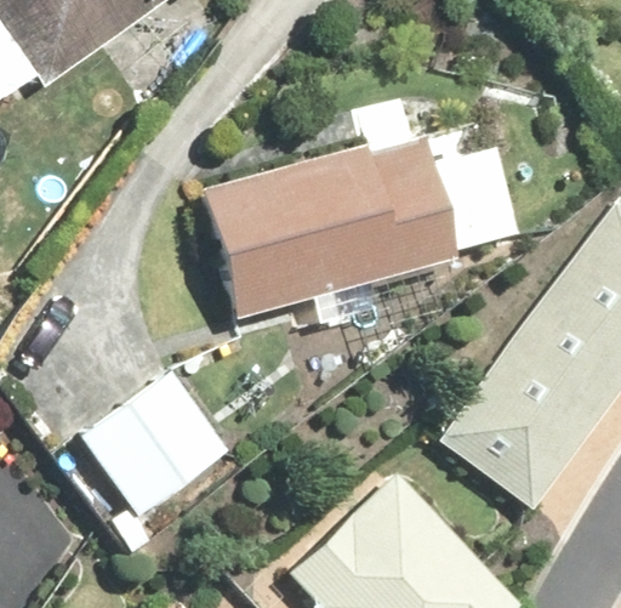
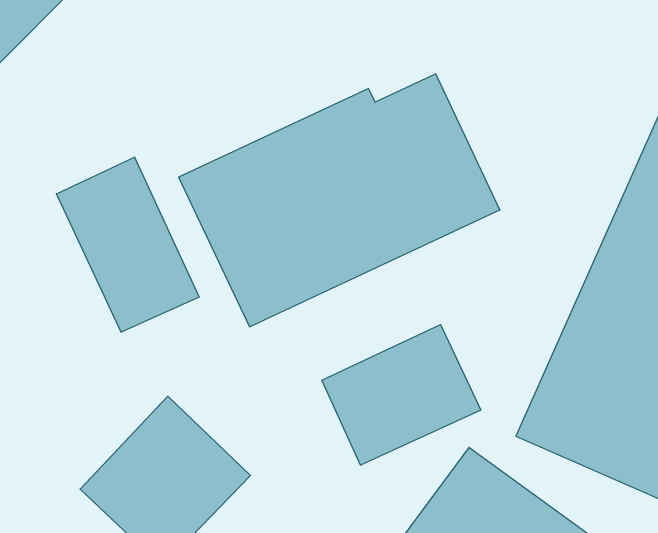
building: none -> [56,157,199,332]
building: none -> [322,325,481,465]

